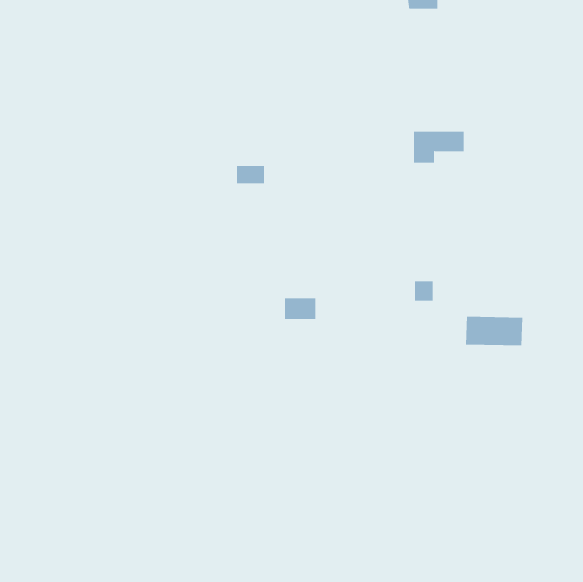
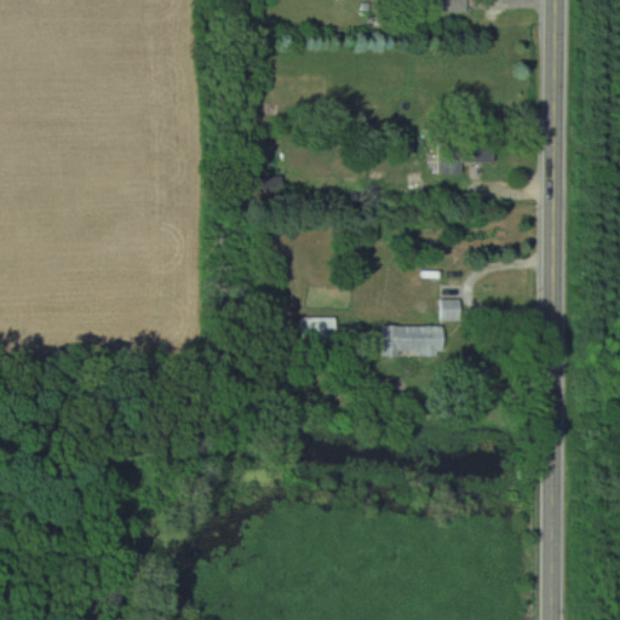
building: [465,316,523,346] -> [381,325,443,356]

